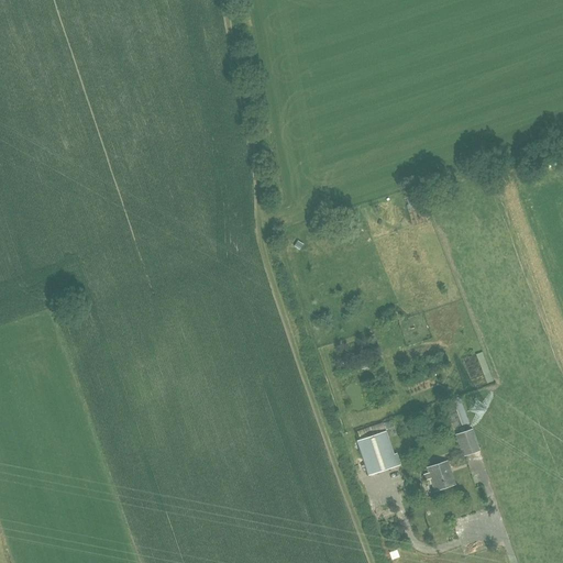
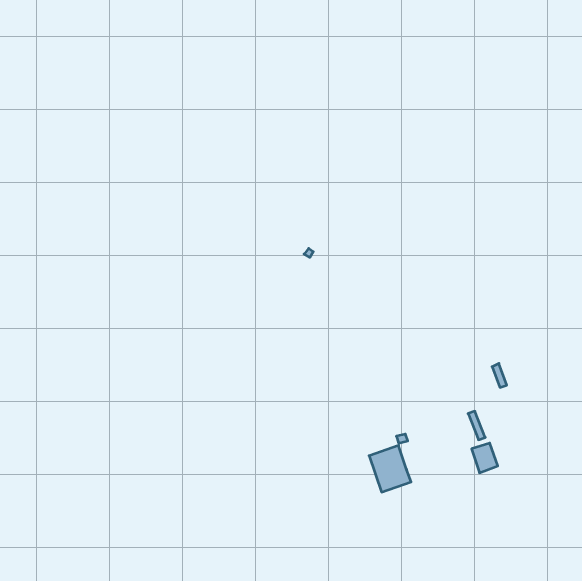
building: [427,460,455,490] -> none

